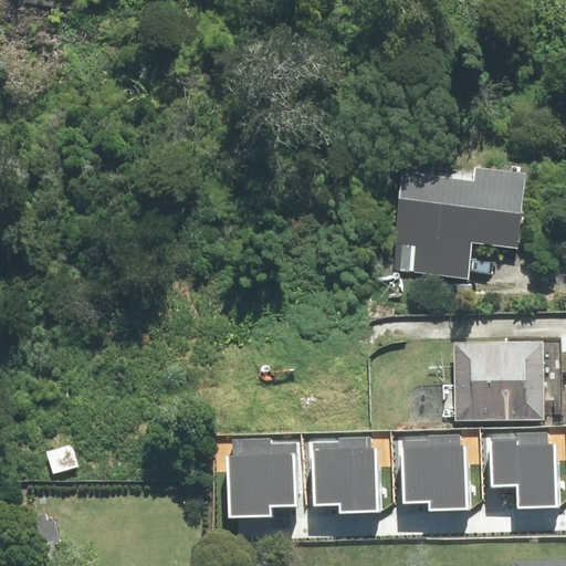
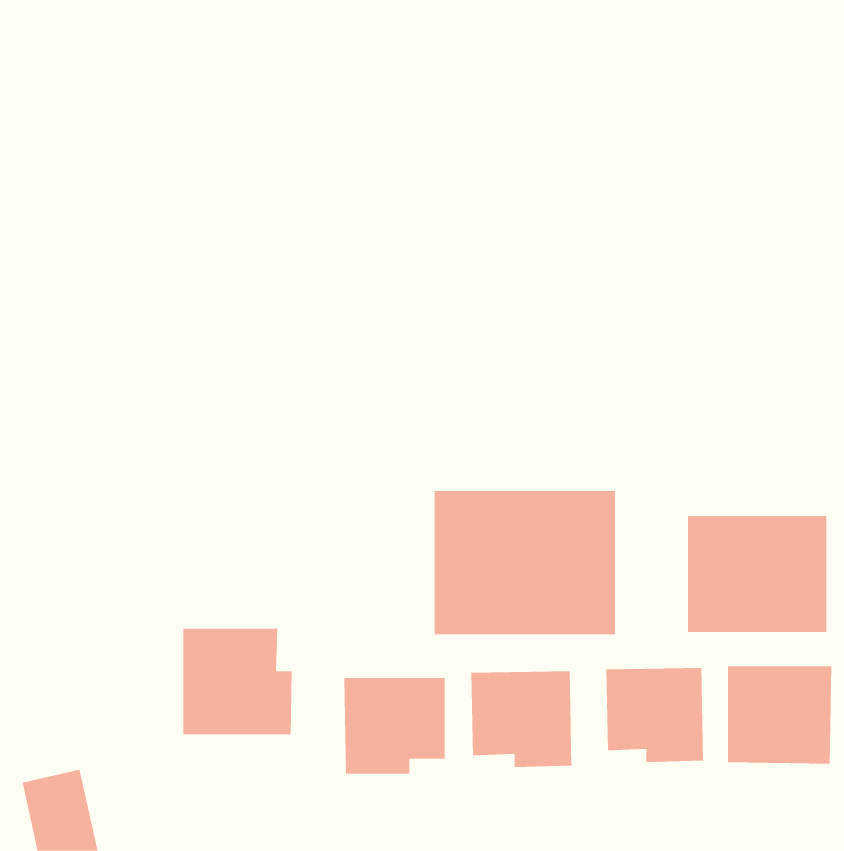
building: [391,161,531,279] -> none
building: none -> [434,490,616,635]
building: none -> [183,628,292,735]

